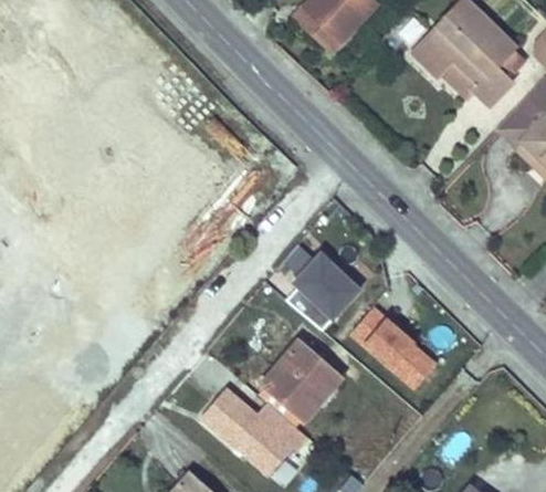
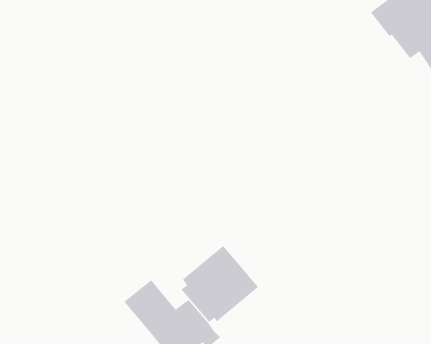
building: [288,245,361,327] -> none
building: [353,303,442,388] -> none

